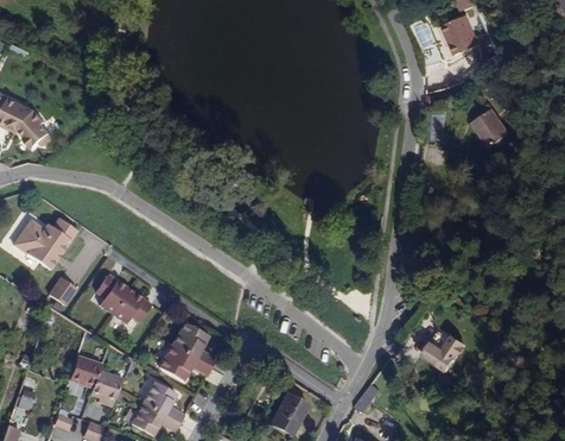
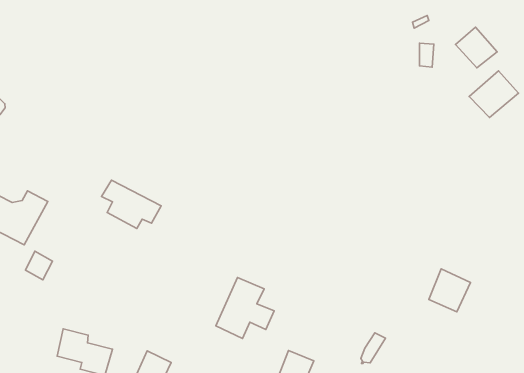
building: none -> [469,71,519,118]
building: [96,275,151,322] -> [102,180,161,229]
building: [159,322,215,379] -> [216,278,274,338]

